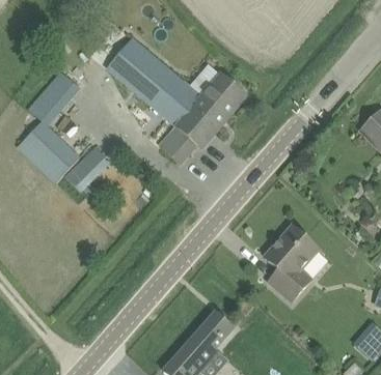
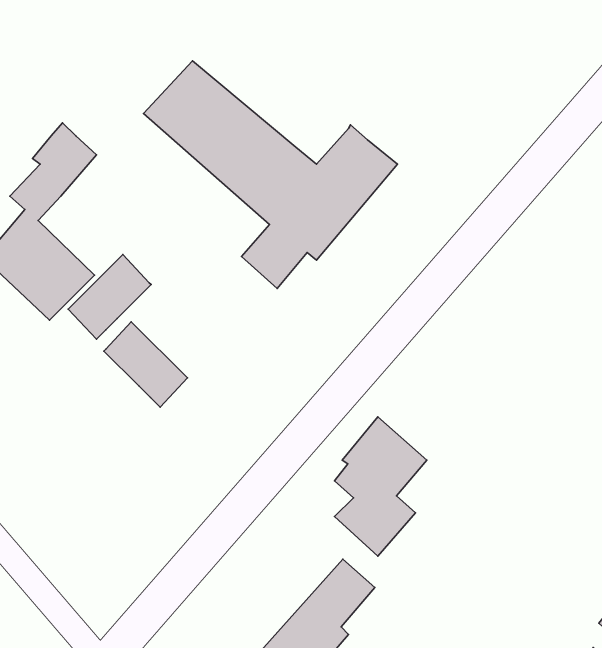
building: none -> [104,322,187,407]
building: [268,225,319,301] -> [335,417,427,556]

